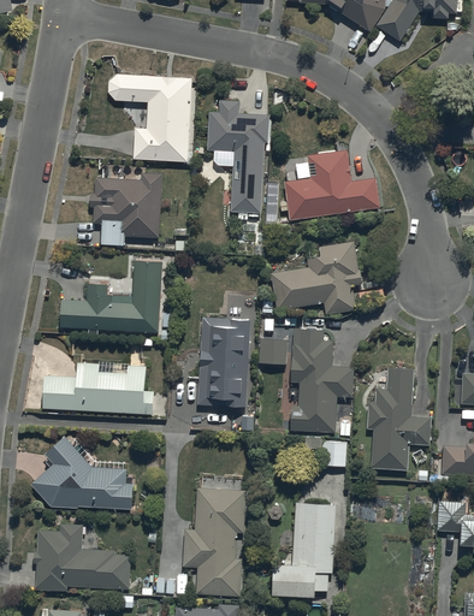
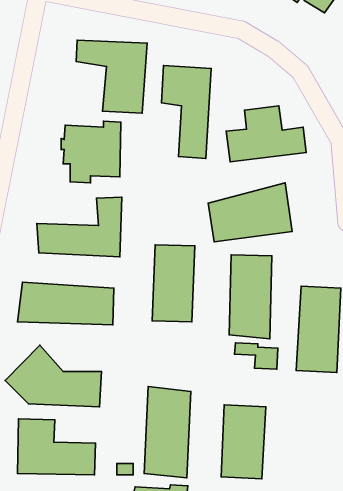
building: [259,336,286,362] -> none

